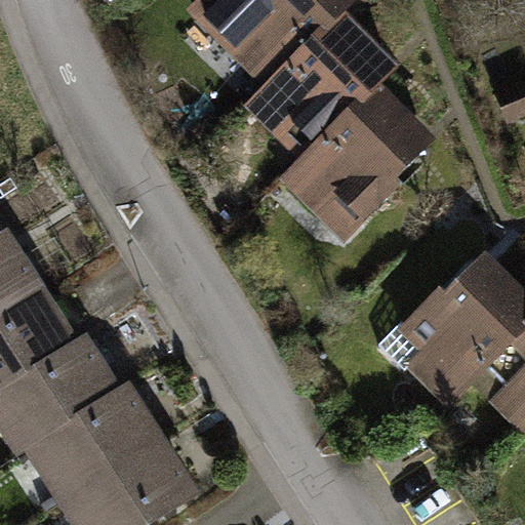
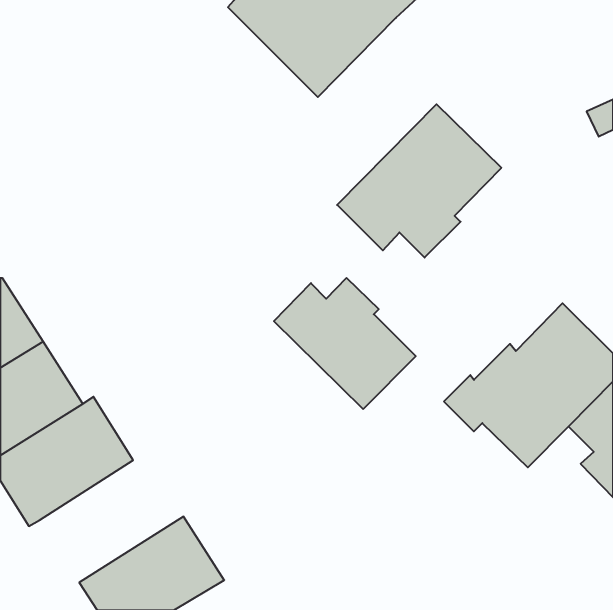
building: [252,15,393,175] -> none
building: none -> [274,278,416,409]
building: [34,388,157,498] -> none

